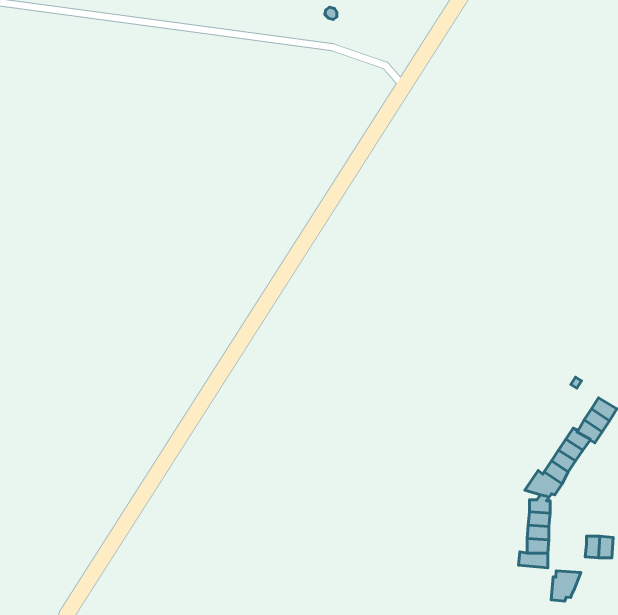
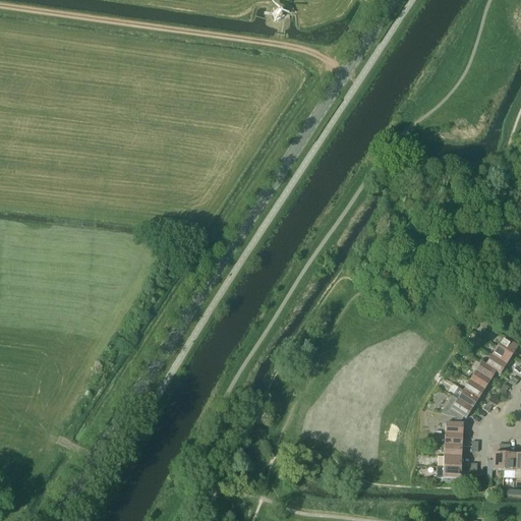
building: [551,571,581,601] -> none

